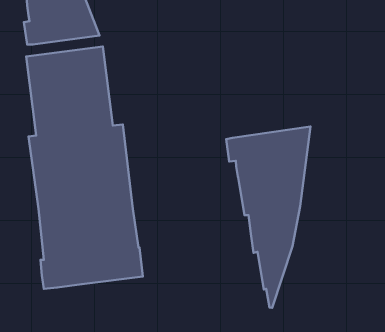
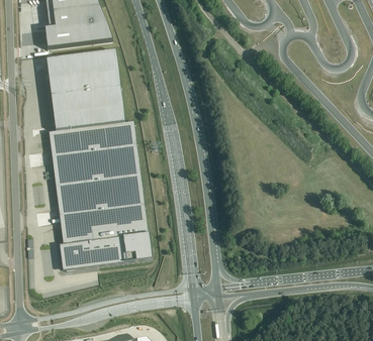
building: [226,126,311,308] -> none

